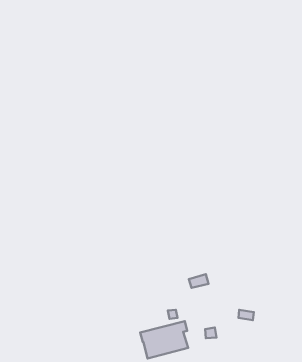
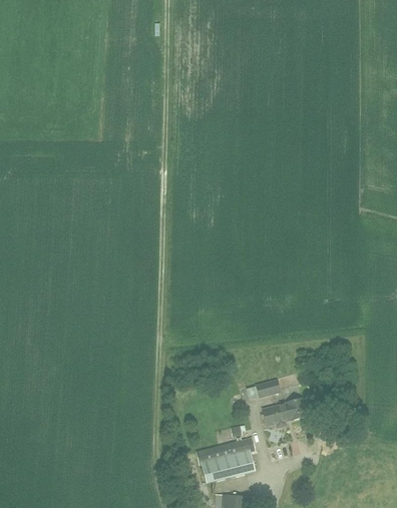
building: none -> [262,397,306,427]

